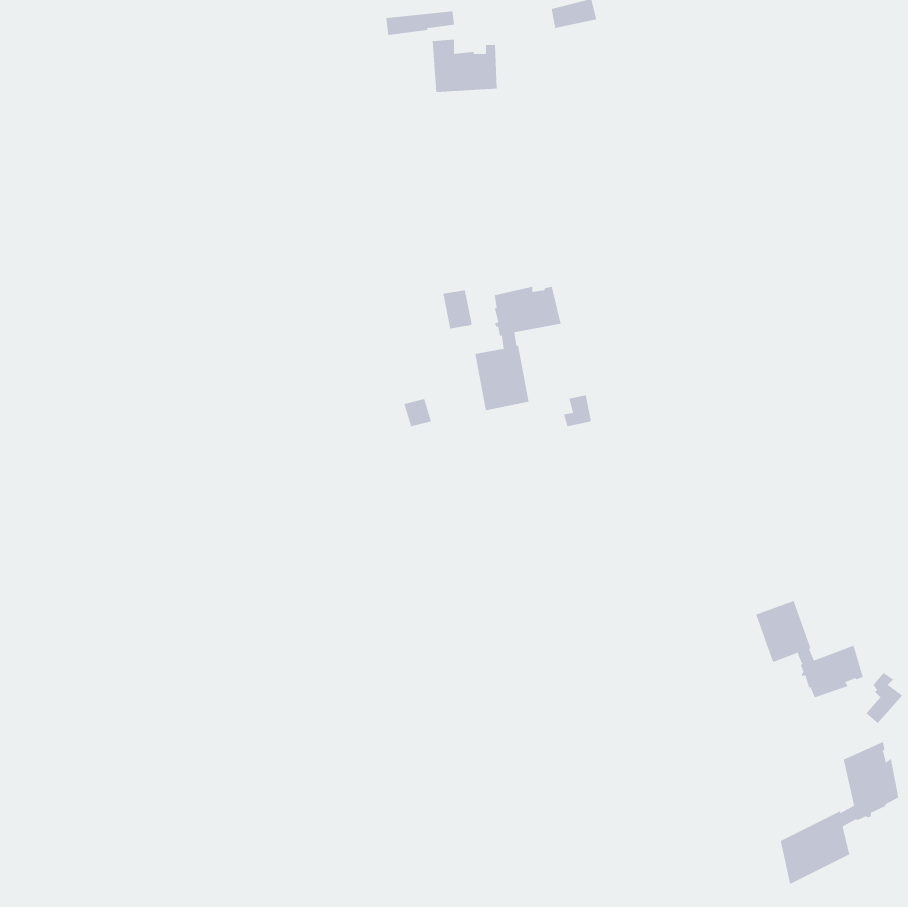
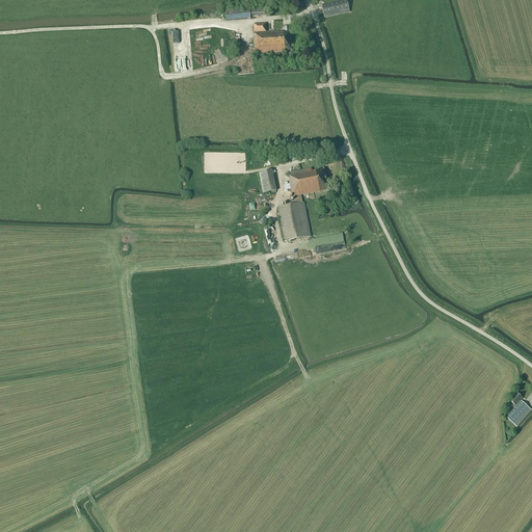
building: [756,600,864,698] -> none
building: [780,741,899,885] -> none

